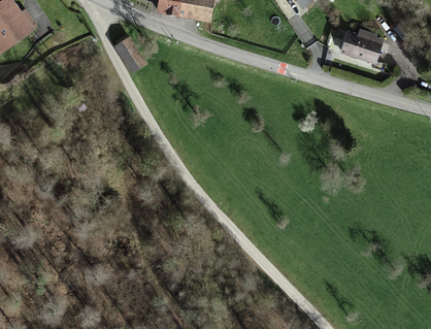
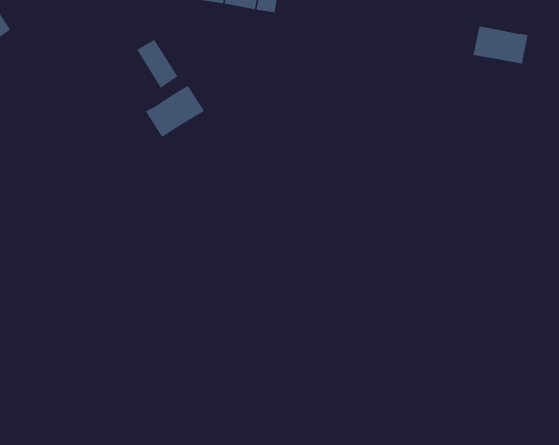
building: none -> [145,85,205,138]

